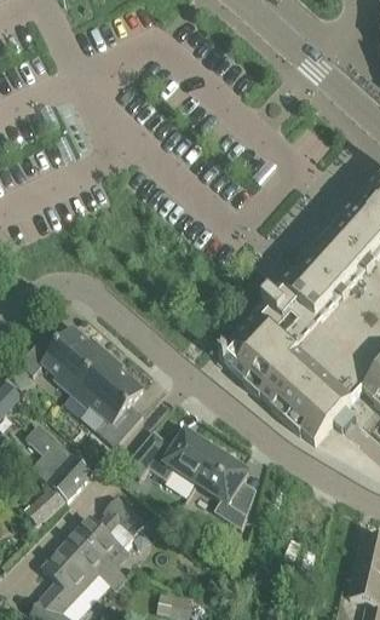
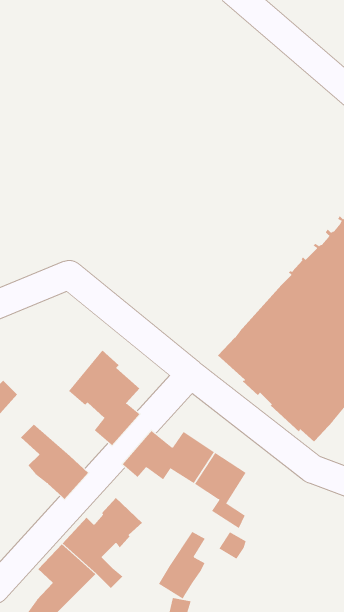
building: [18,325,105,390] -> none
building: [24,482,65,521] -> none
building: none -> [158,531,205,599]

